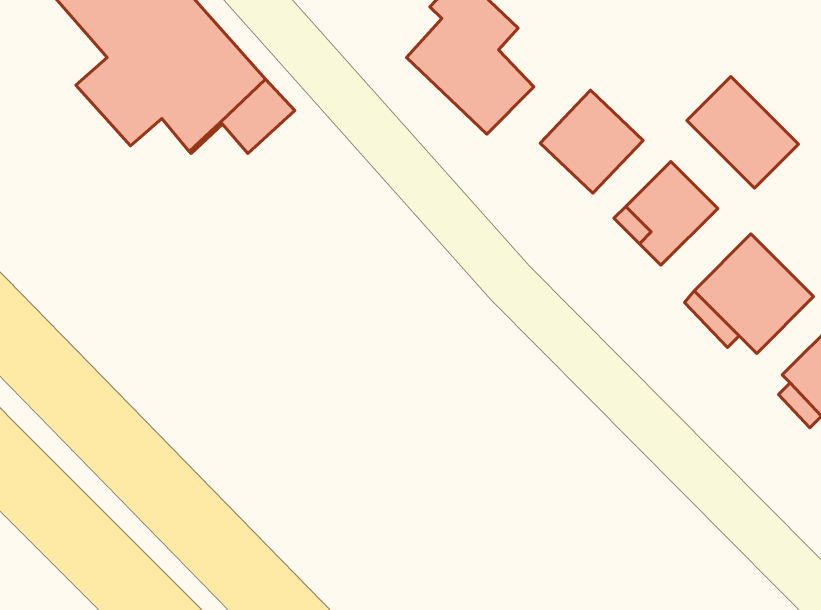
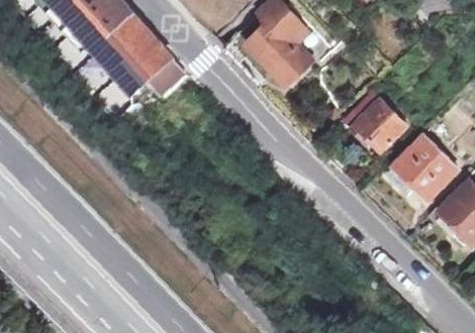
building: [687,76,799,188] -> none
building: [540,90,643,193] -> none

